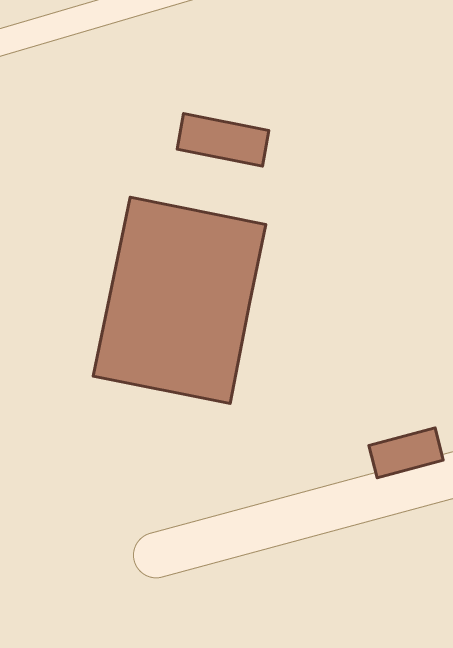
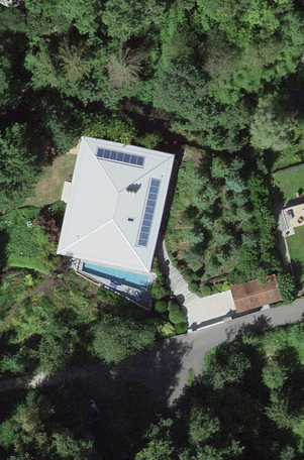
building: [177,113,269,166] -> none

